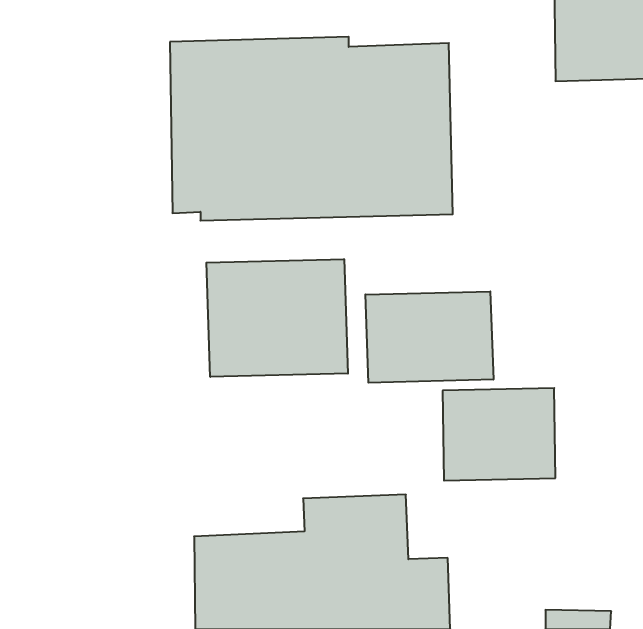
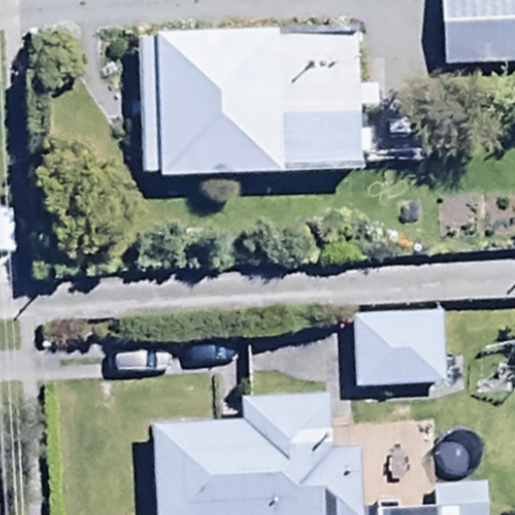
building: [206,259,348,377] -> none
building: [365,291,493,383] -> none

